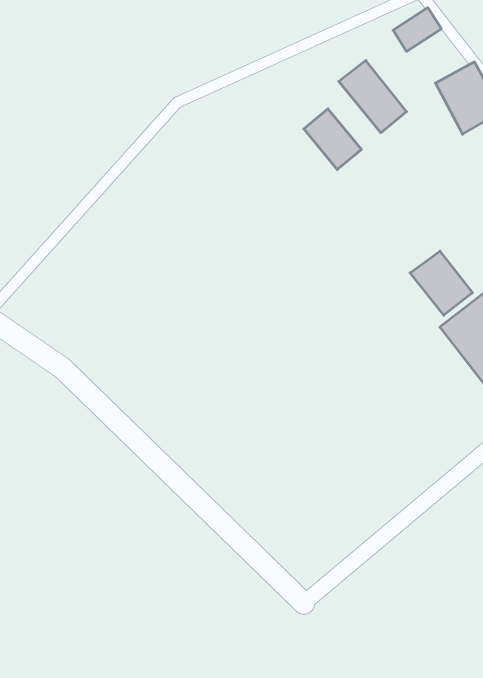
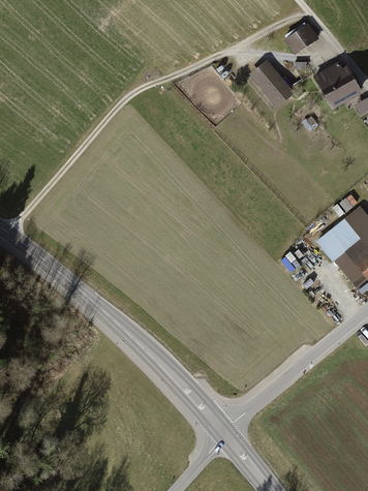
building: [304,109,361,170] -> none
building: [410,251,472,315] -> none

